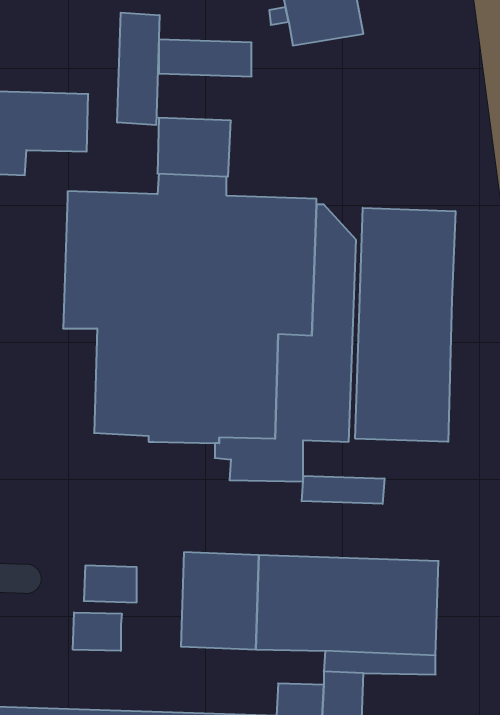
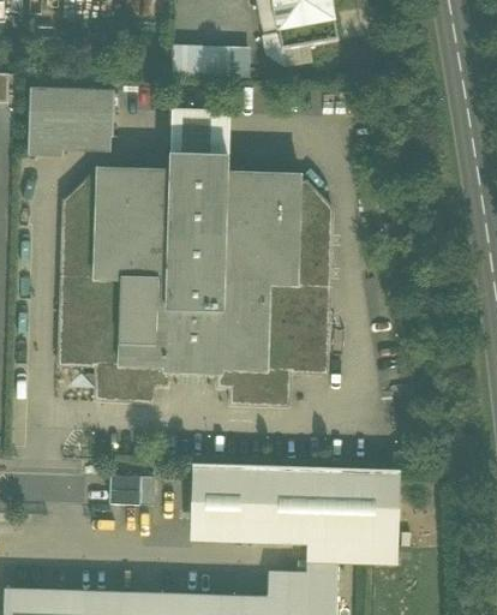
building: [117,13,160,125] -> none
building: none -> [59,174,167,401]
building: [355,208,455,442] -> none
building: [302,476,384,504] -> none
building: [73,612,122,651] -> none

